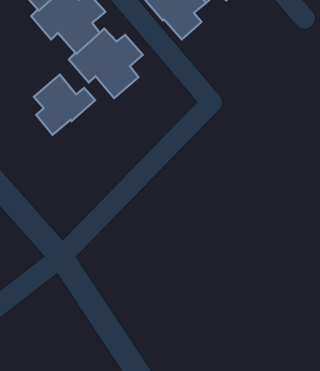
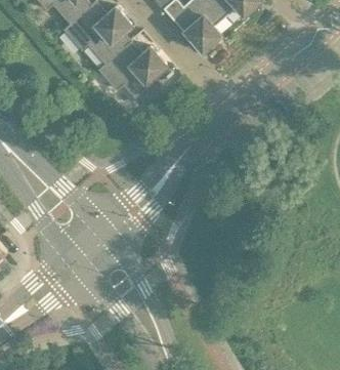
building: [34,74,95,135] -> none

